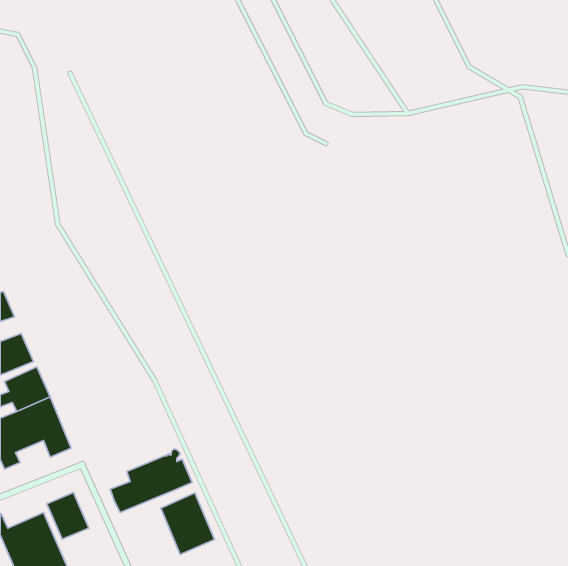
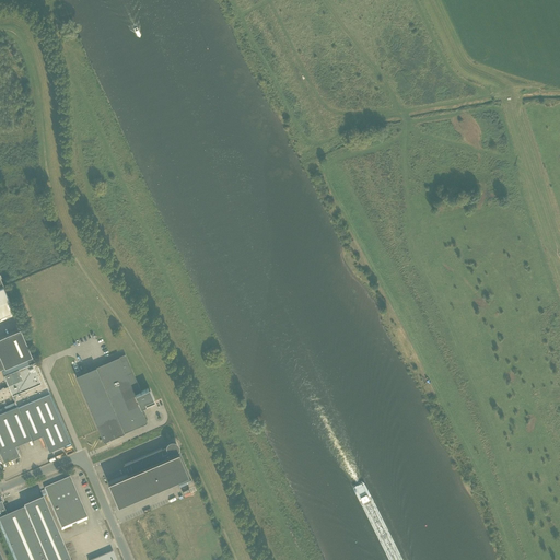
building: none -> [75,355,155,443]
building: [161,493,214,555] -> none

